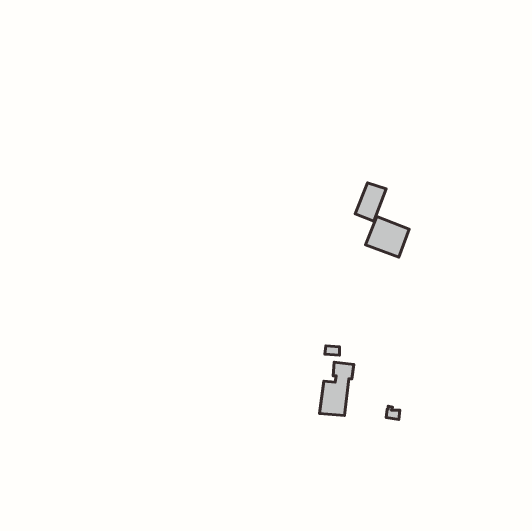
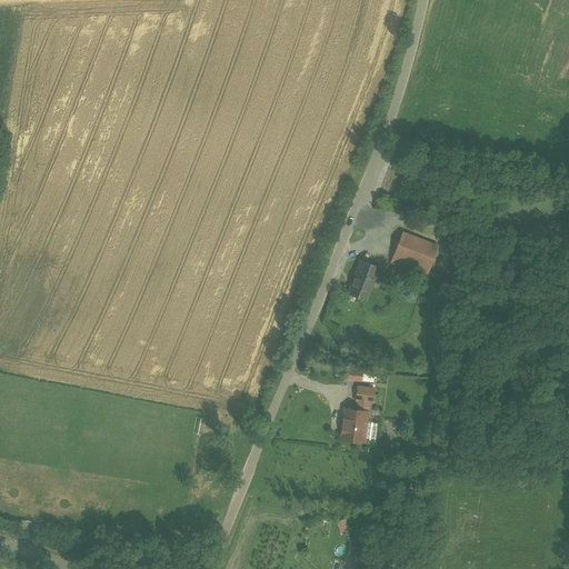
building: [355,183,386,221] -> [347,259,380,300]

